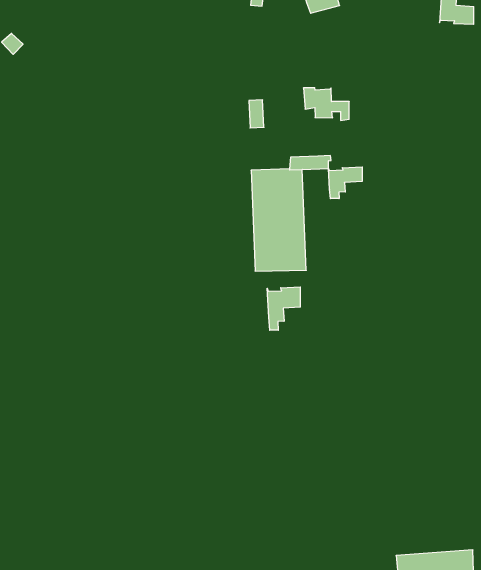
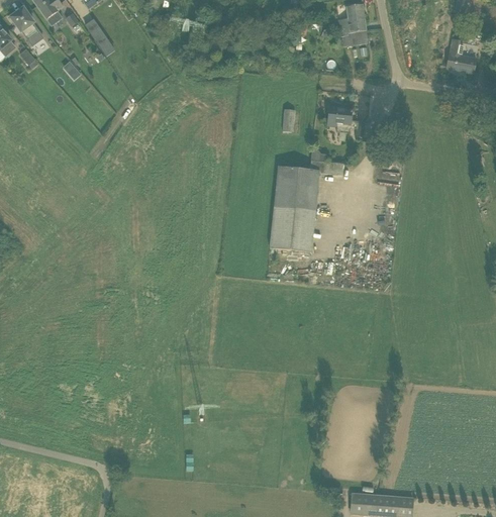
building: [328,167,362,199] -> none
building: [267,287,300,330] -> none

